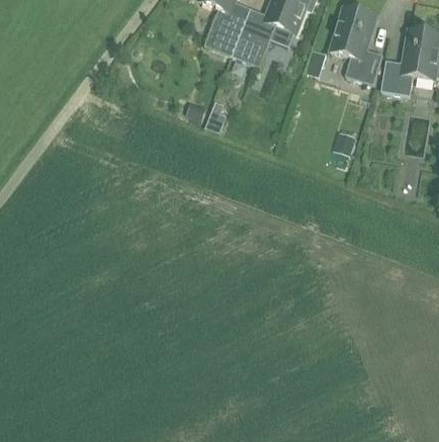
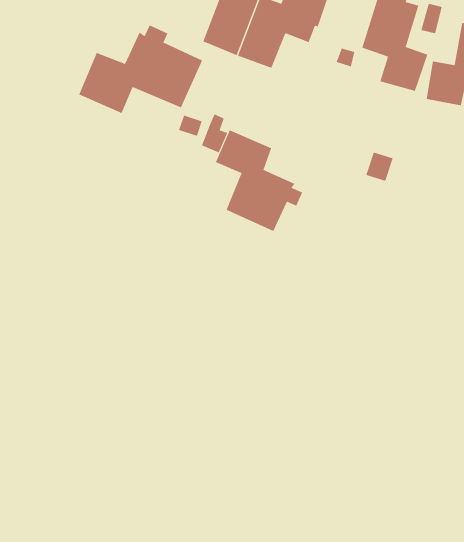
building: none -> [78,25,203,114]
building: none -> [215,130,303,232]

